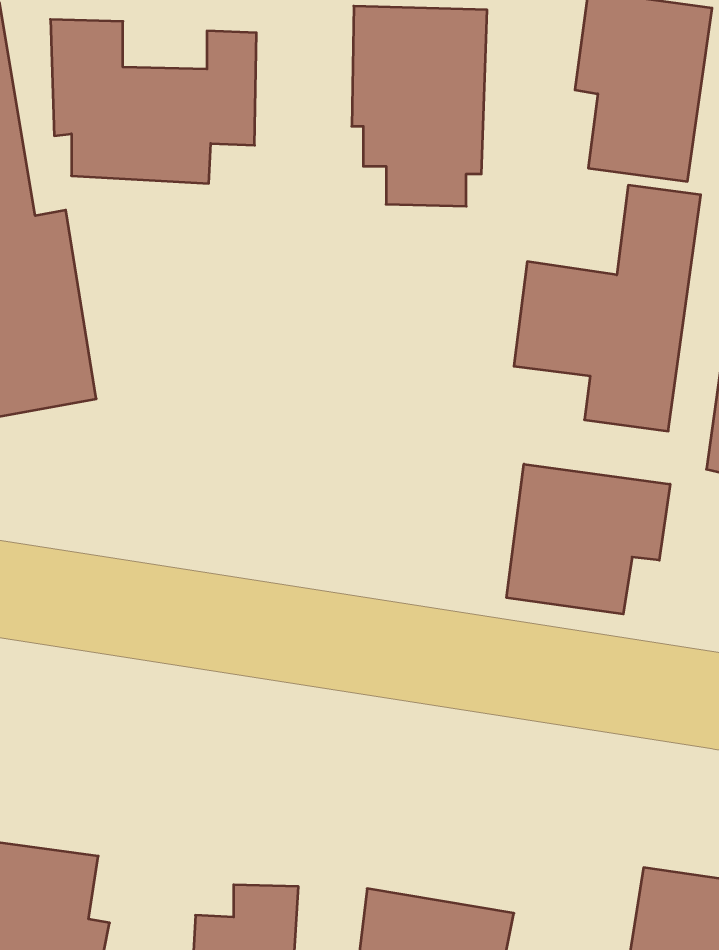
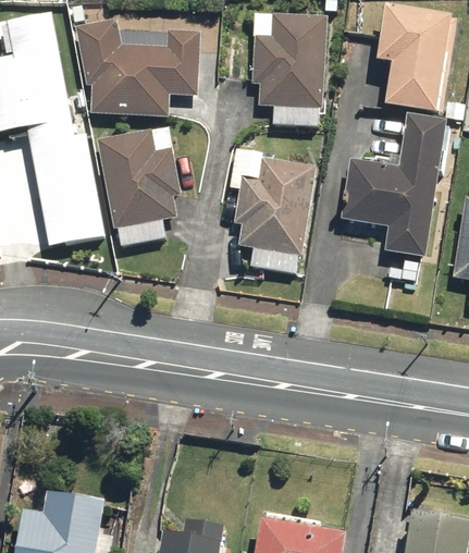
building: none -> [97,126,181,245]
building: none -> [227,147,313,272]
building: [507,464,670,614] -> none

